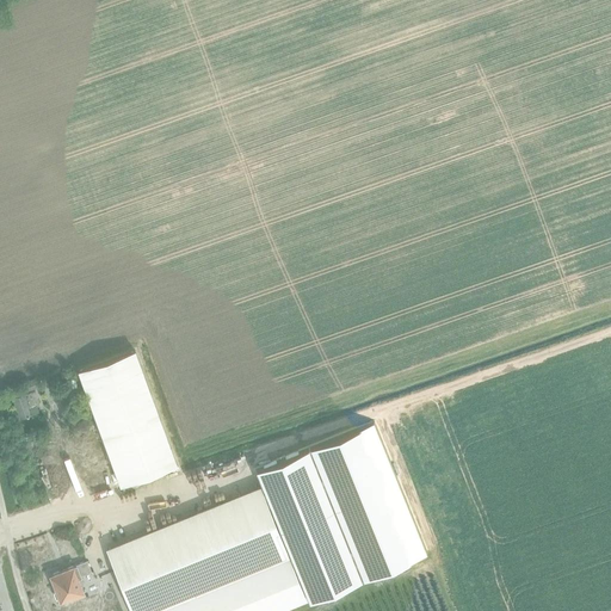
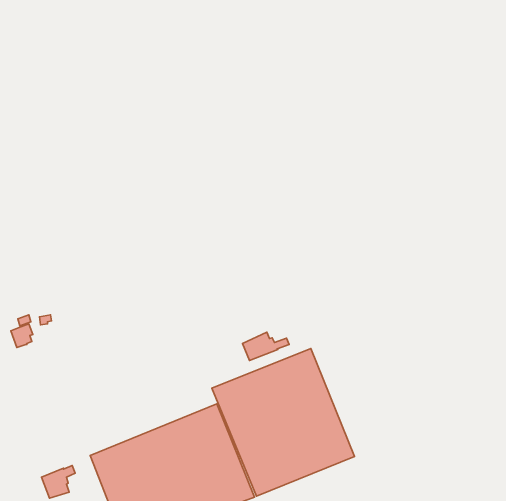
building: [78,354,177,490] -> none
building: none -> [243,332,289,360]

